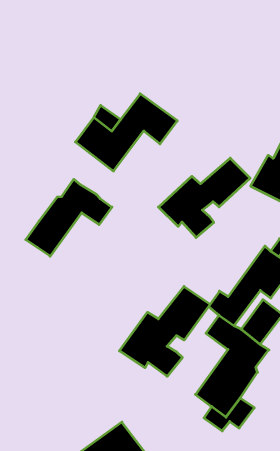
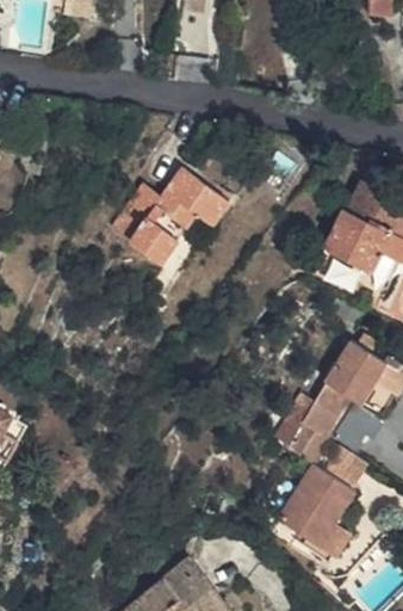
building: [158,158,250,238] -> none
building: [26,179,112,256] -> none
building: [119,286,210,376] -> none

